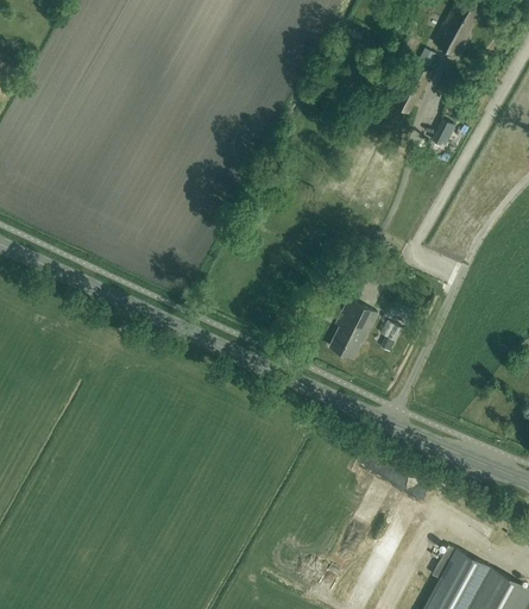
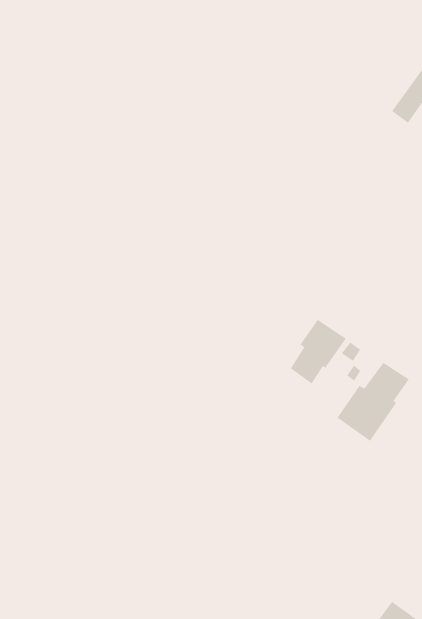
building: none -> [337,362,410,442]

